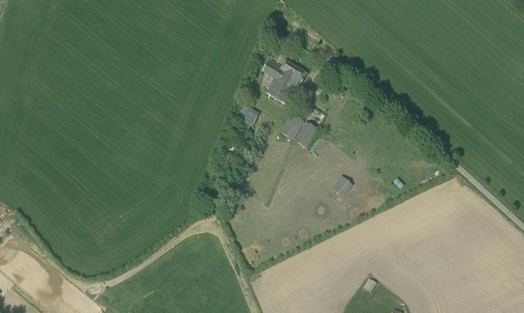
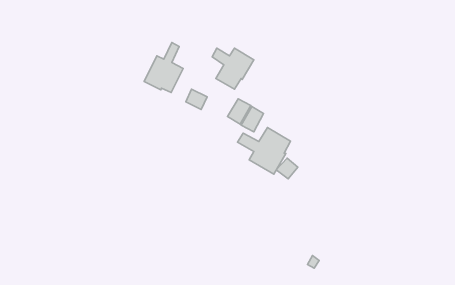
building: none -> [144,42,183,93]
building: none -> [237,127,290,174]

